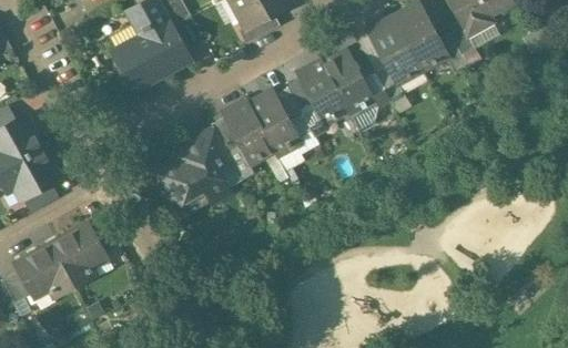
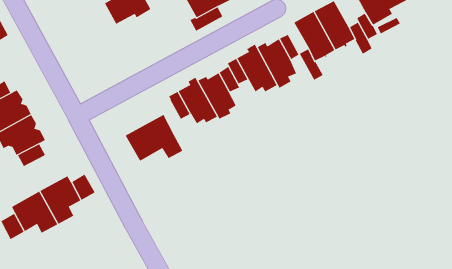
building: [115,22,187,86] -> none
building: [184,127,232,172] -> none

